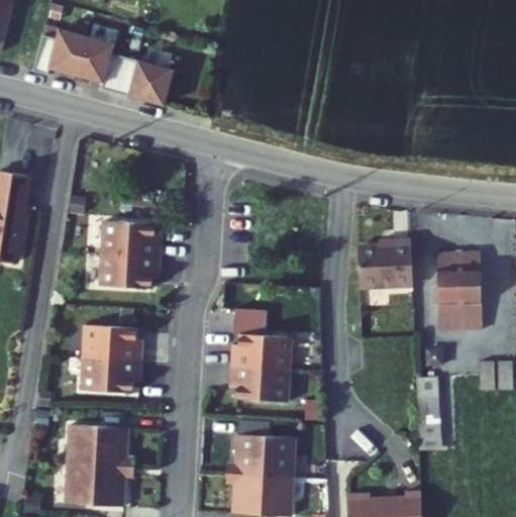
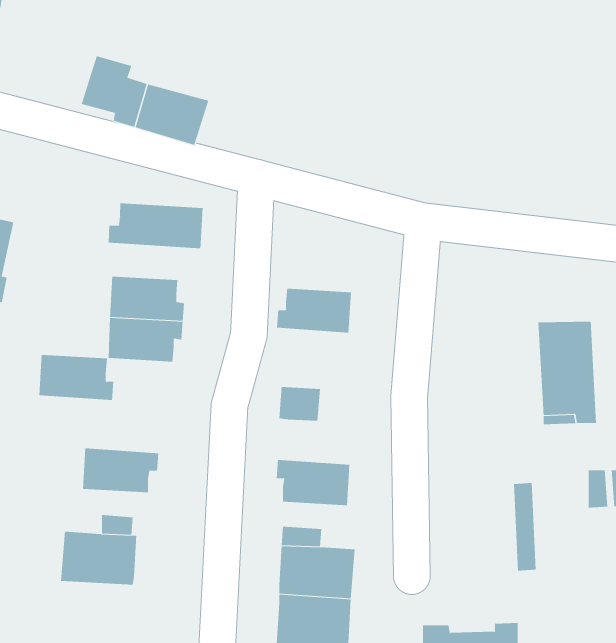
building: [35,36,91,83] -> none
building: none -> [108,203,203,249]
building: [363,239,416,288] -> none
building: [82,321,141,357] -> [38,354,114,401]
building: [233,331,293,367] -> [276,288,352,333]
building: [61,458,120,501] -> none

